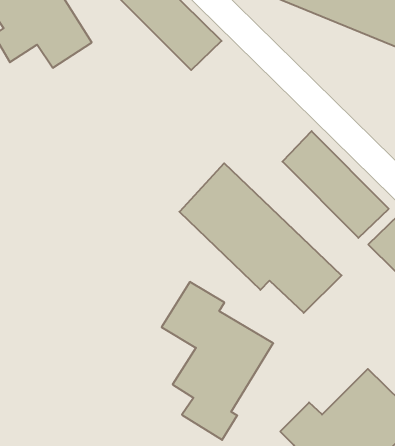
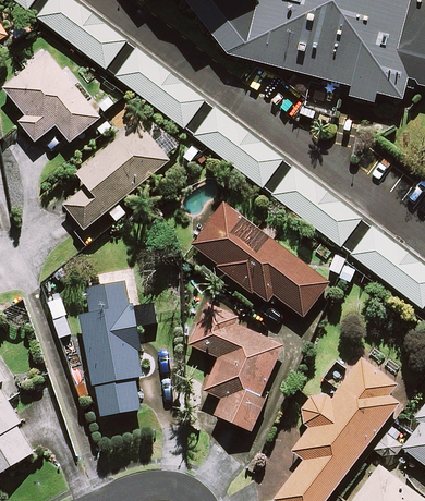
building: none -> [191,105,282,186]
building: none -> [63,122,168,229]
building: none -> [80,269,143,415]

